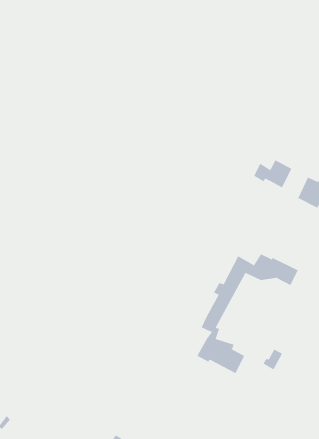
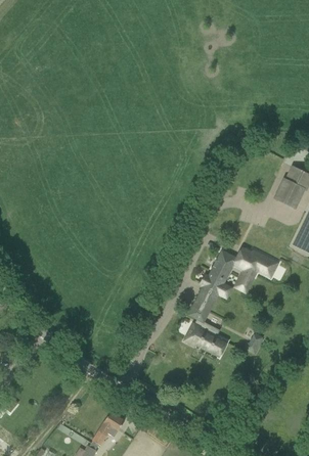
building: [254,160,292,188] -> none

